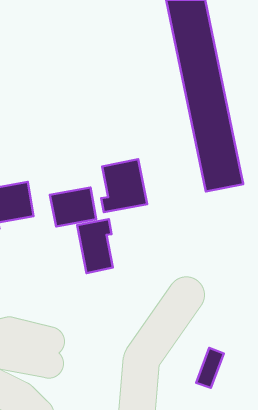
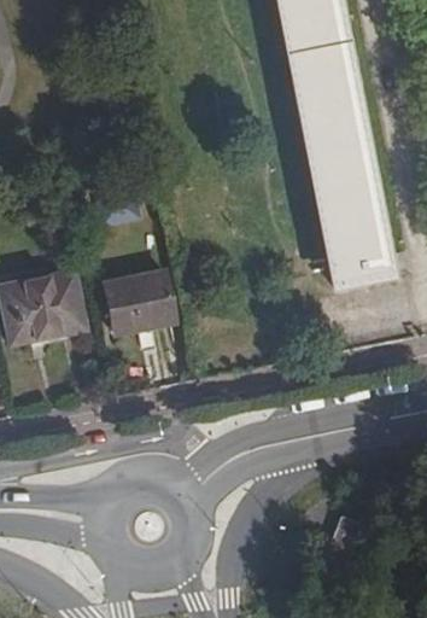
building: [101,159,147,212] -> none
building: [77,219,113,273] -> none

